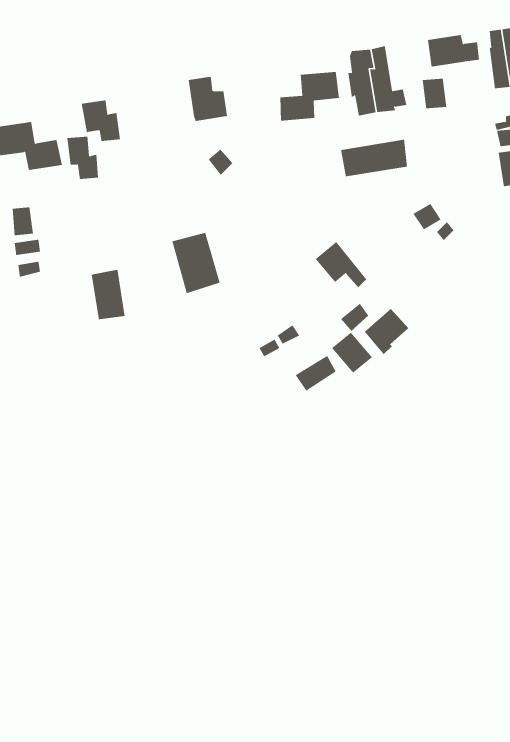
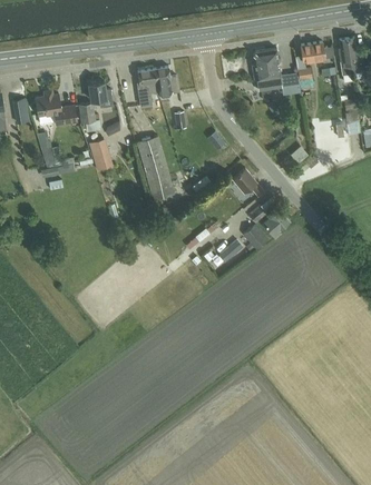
building: [280,71,340,121] -> none
building: none -> [137,70,157,107]
building: [340,139,408,177] -> none
building: none -> [136,137,165,169]
building: [91,269,125,320] -> [91,137,113,168]

